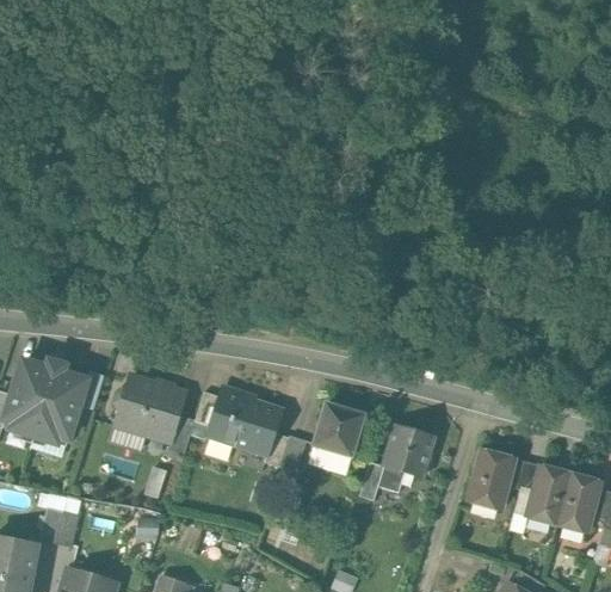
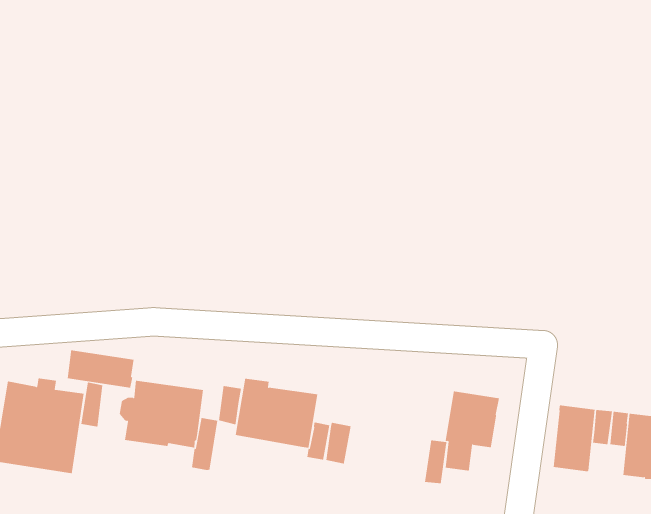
building: none -> [67,349,134,388]
building: [313,403,363,455] -> none

